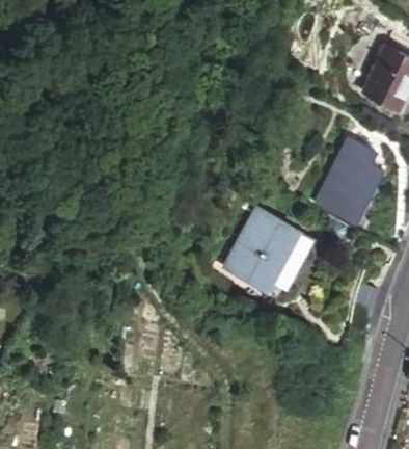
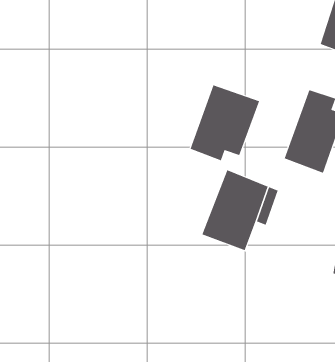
building: none -> [190,85,260,161]

